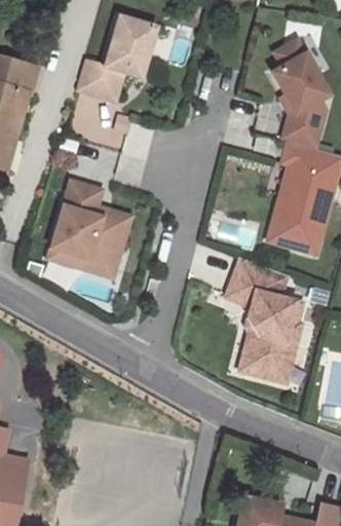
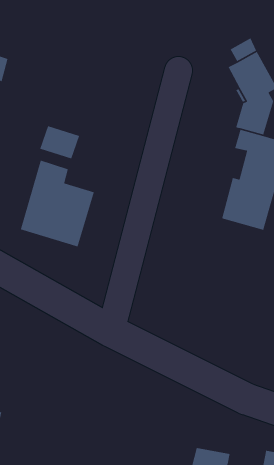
building: [76,16,156,102] -> none
building: [226,258,302,385] -> none

